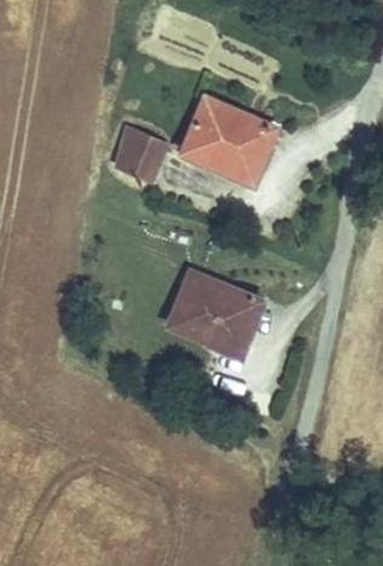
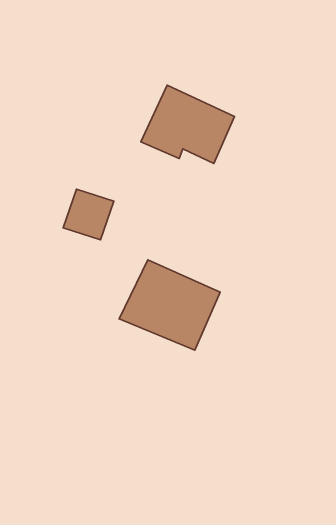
building: [116,136,167,187] -> [63,189,114,240]

